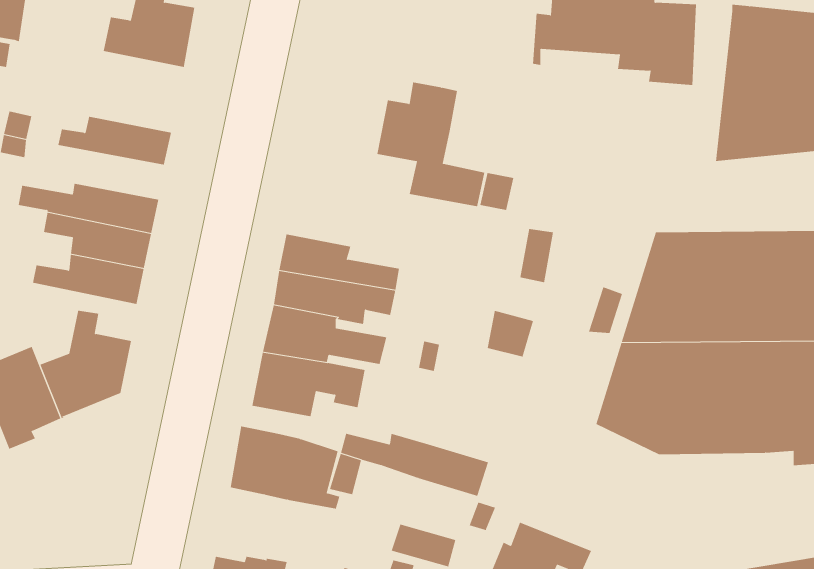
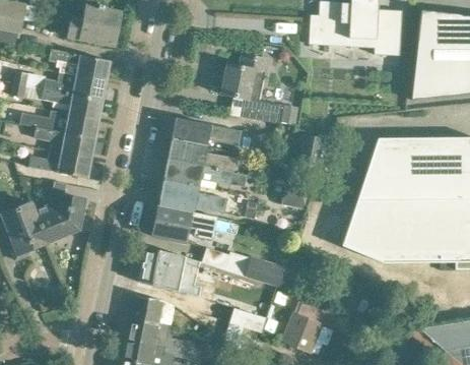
building: none -> [49,50,111,82]
building: none -> [41,89,103,120]
building: none -> [171,118,241,146]
building: none -> [131,295,175,323]

